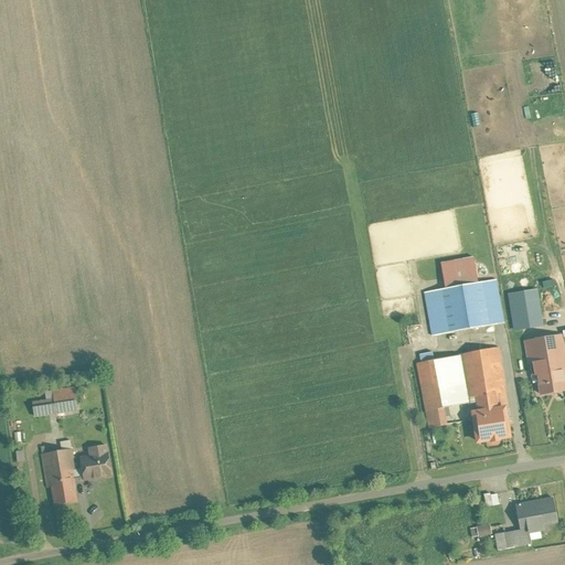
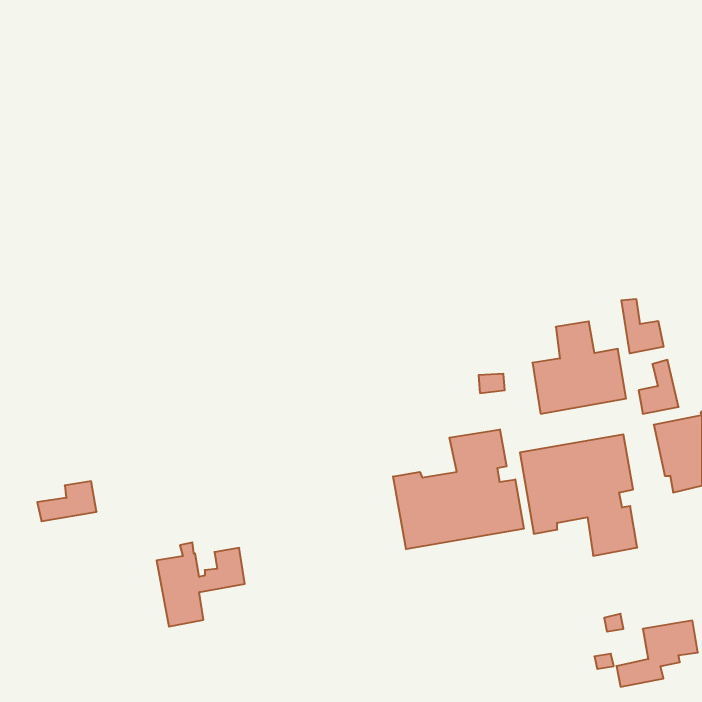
building: none -> [621,299,663,353]
building: none -> [393,429,524,549]
building: [41,439,111,507] -> [157,542,245,627]

